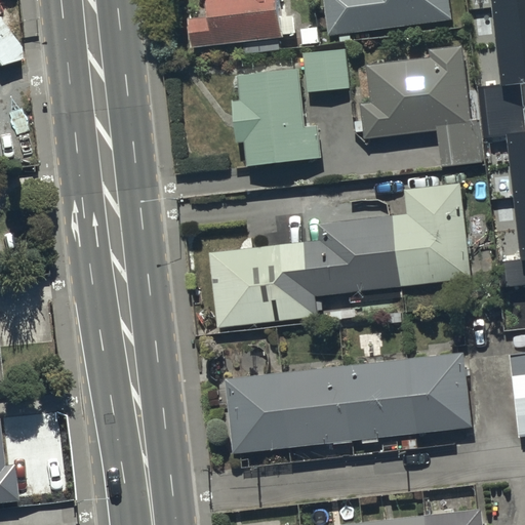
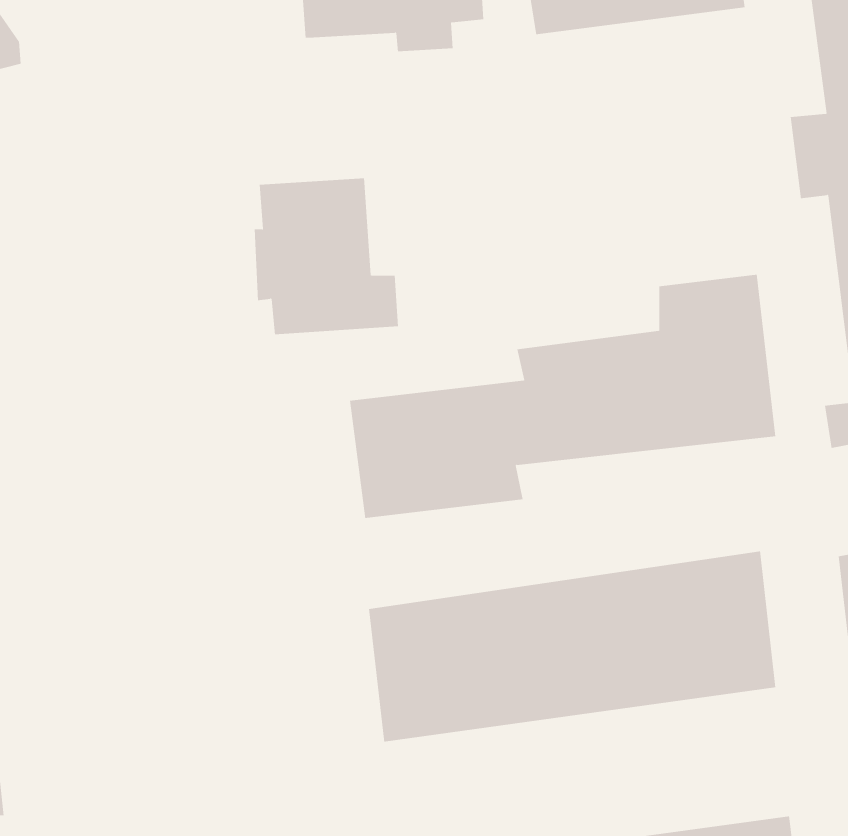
building: [361,39,476,163] -> none
building: [302,44,349,86] -> none
building: [233,69,320,163] -> [254,178,399,335]

